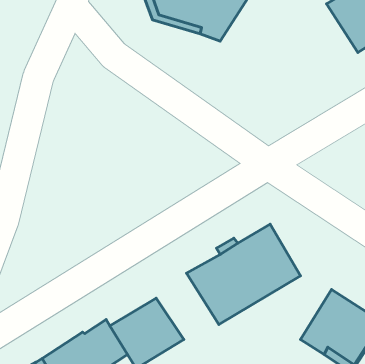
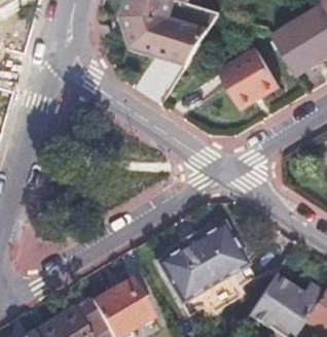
building: none -> [217,50,278,111]

